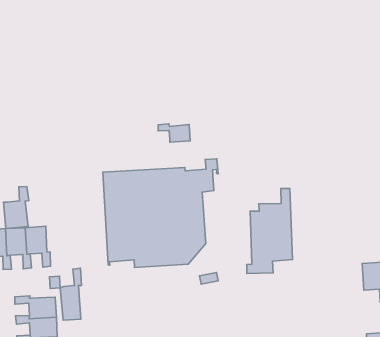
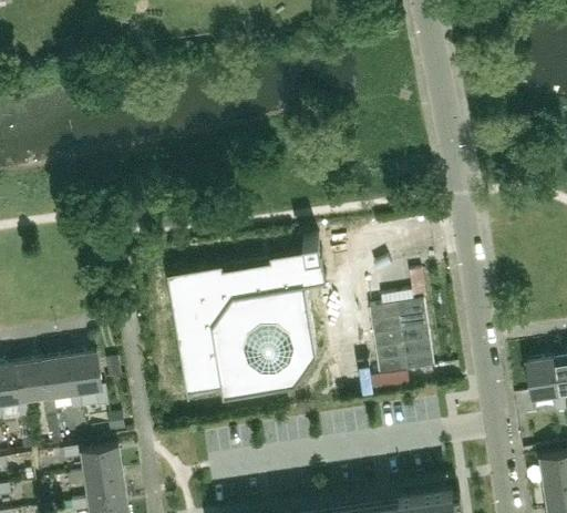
building: [158,124,190,142] -> none
building: [3,187,29,228] -> none
building: [60,268,82,320] -> none

